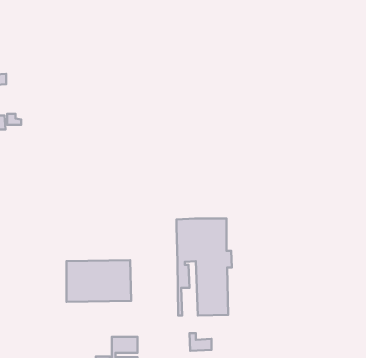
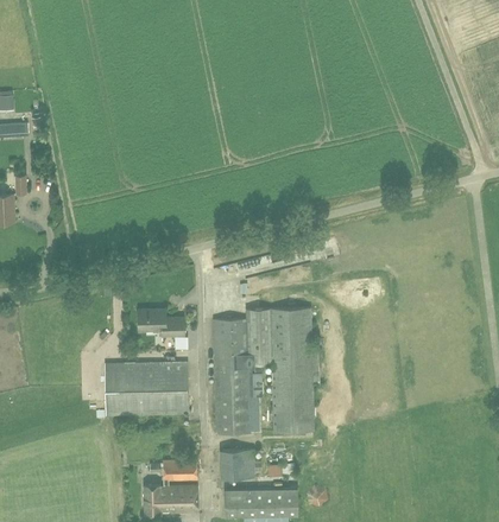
building: none -> [138,308,184,336]
building: none -> [213,318,248,433]
building: none -> [221,448,252,478]

